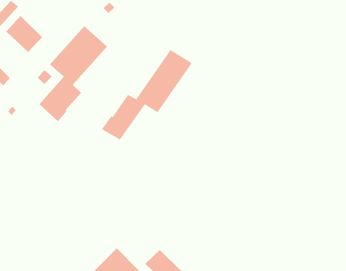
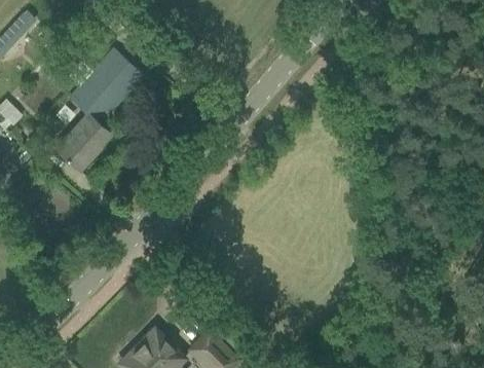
building: [5,15,43,53] -> none
building: [101,49,193,141] -> none

